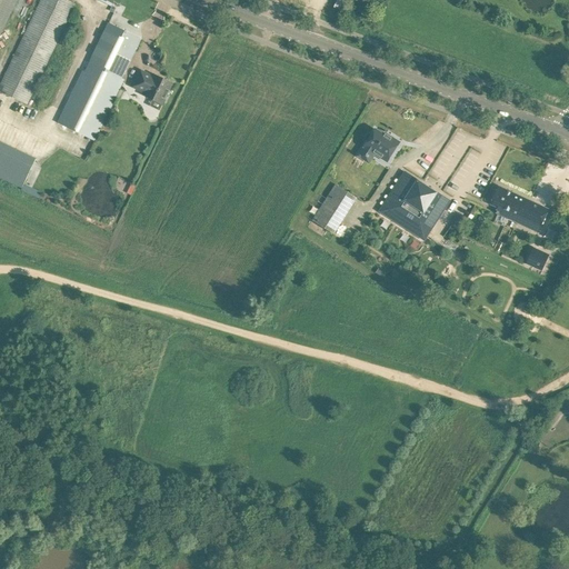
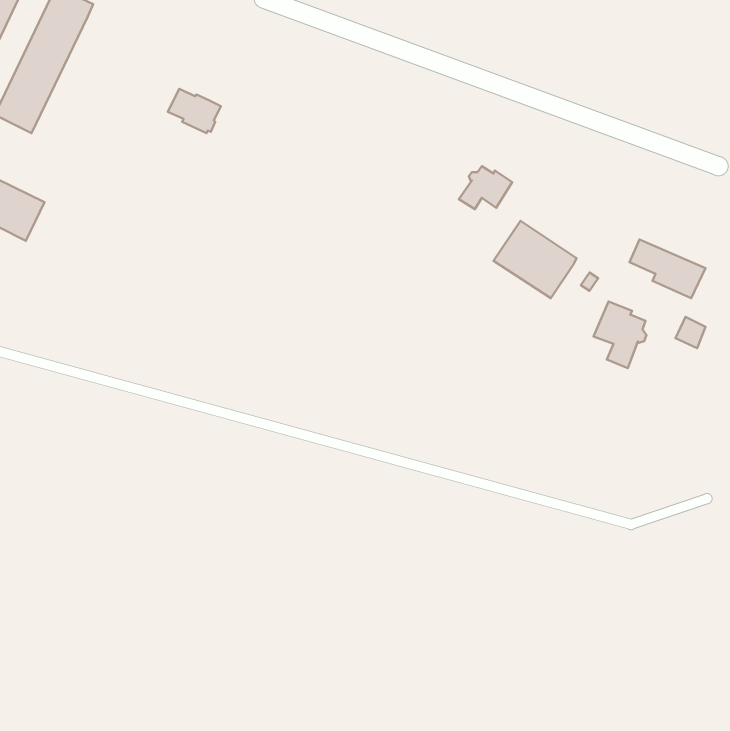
building: [56,22,139,139] -> none
building: [310,183,355,232] -> none
building: none -> [593,302,647,368]

